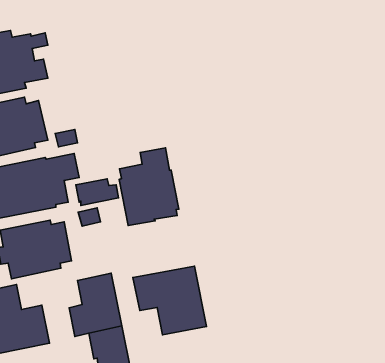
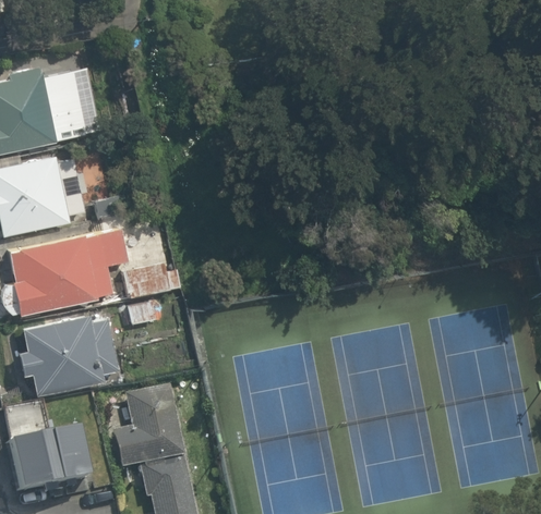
building: [119,148,179,226] -> none
building: [133,266,207,335] -> none

